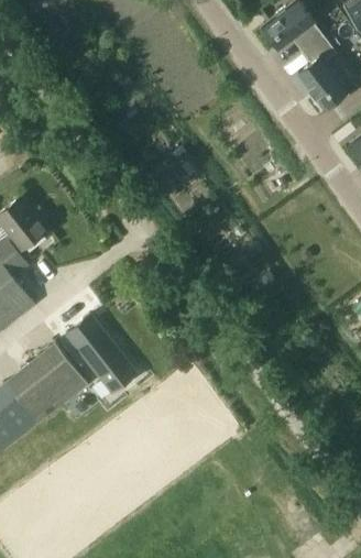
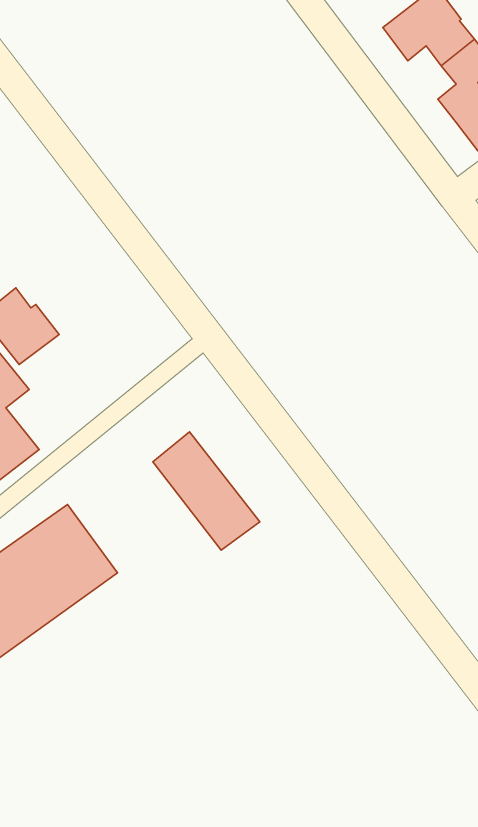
building: [66,315,136,393] -> [153,432,260,550]

